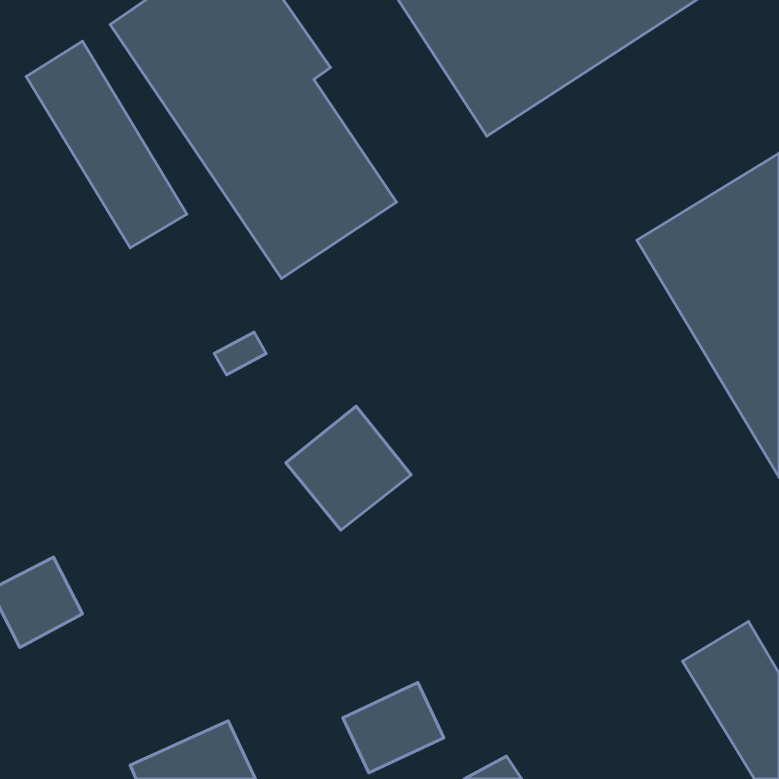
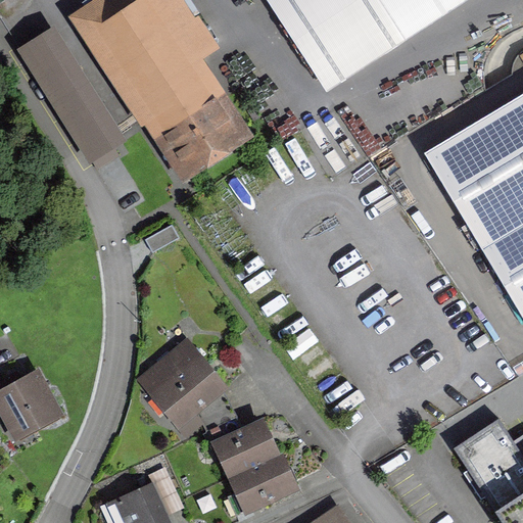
building: [286,406,411,530] -> [140,339,224,422]
building: none -> [211,420,279,479]

